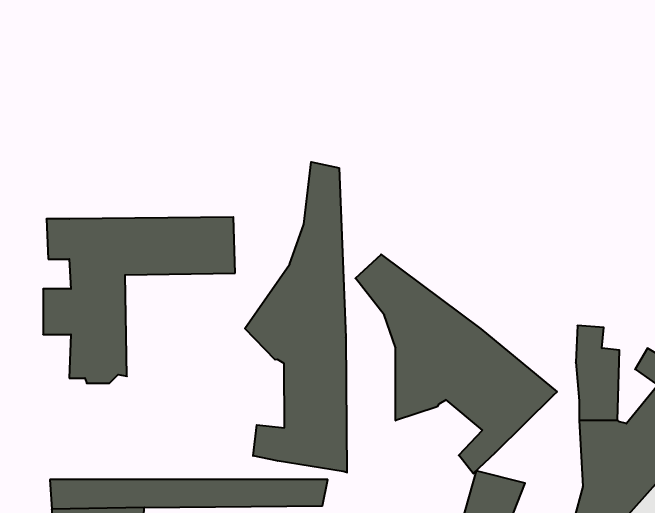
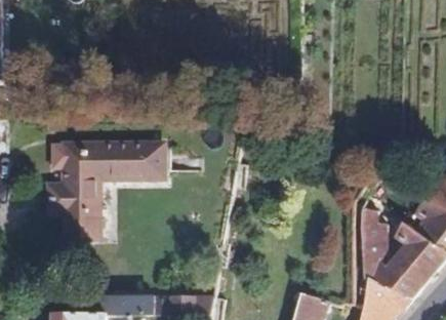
building: [245,162,347,473] -> none
building: [355,254,557,474] -> none

